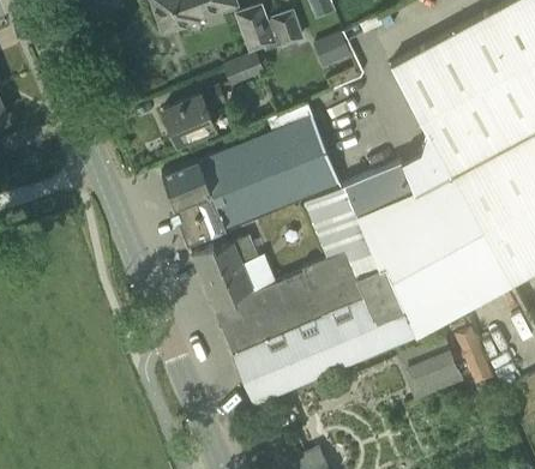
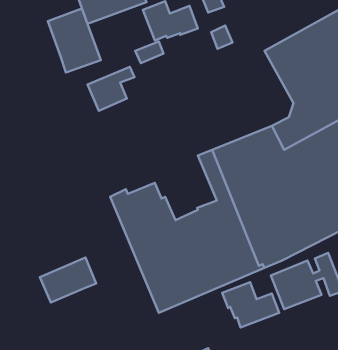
building: none -> [48,8,101,72]
building: [163,116,338,243] -> none
building: none -> [40,258,96,302]
building: none -> [222,282,279,327]

